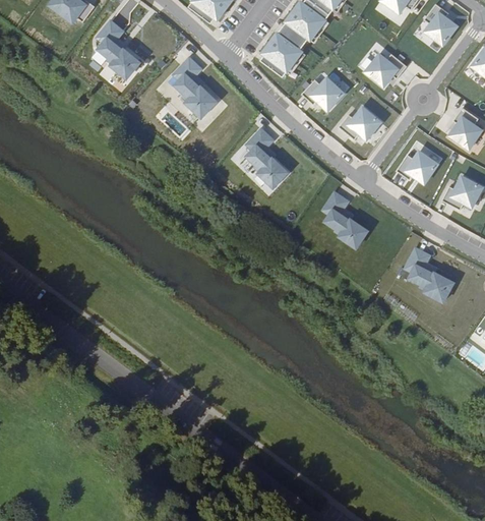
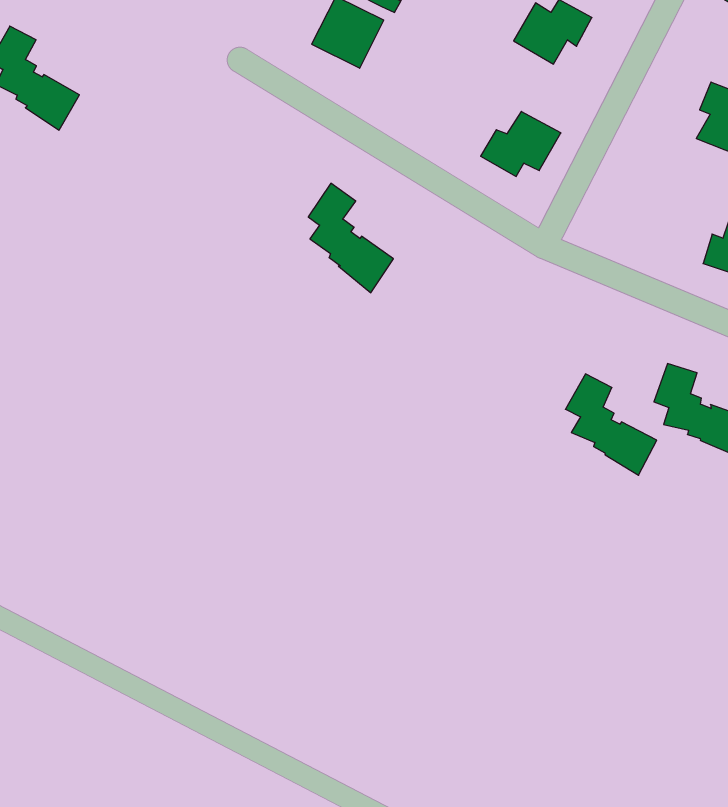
building: [176,57,217,116] -> none
building: [303,76,345,109] -> none
building: [397,150,437,181] -> none
building: [322,191,366,247] -> [565,374,657,475]

